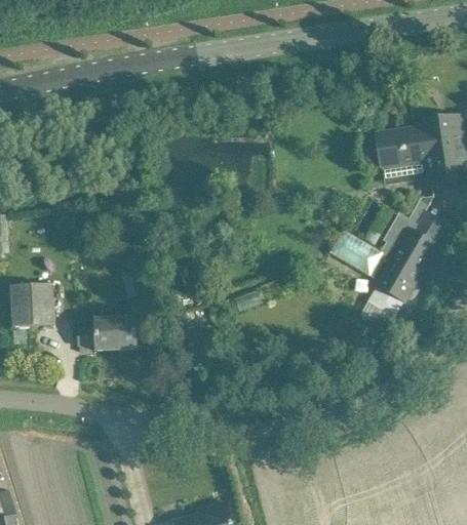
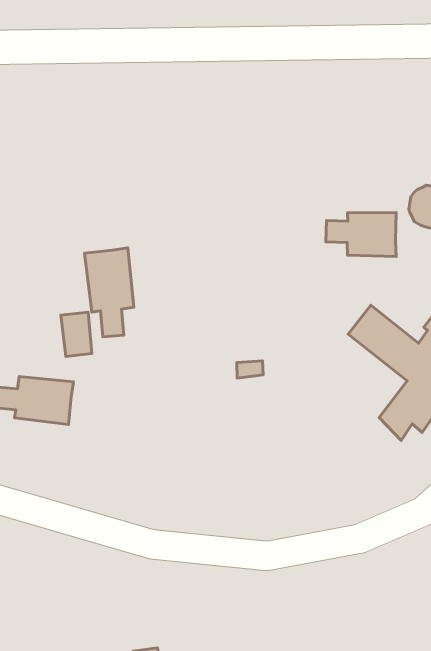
building: none -> [326,212,396,256]
building: none -> [84,248,134,337]

